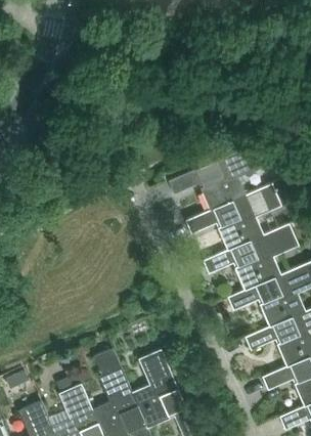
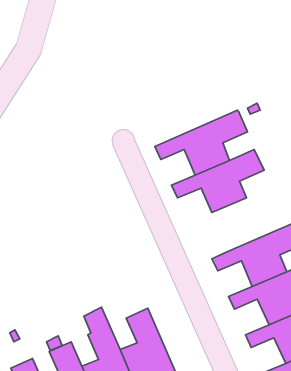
building: [203,222,299,289] -> none

